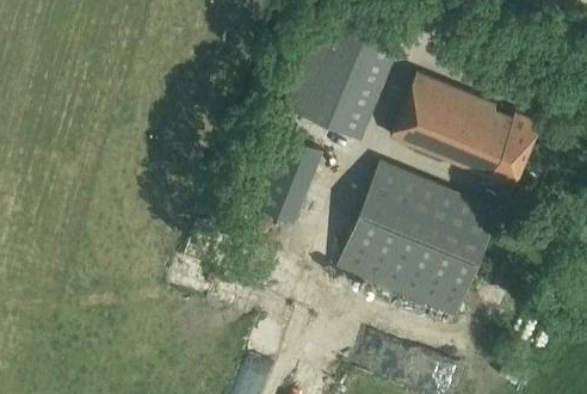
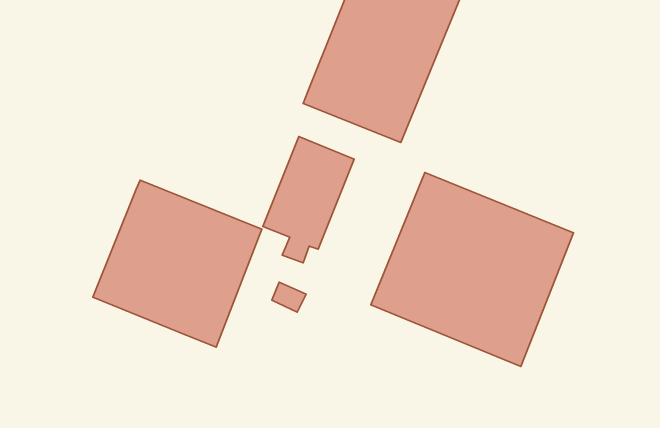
building: [391,74,539,189] -> none
building: none -> [93,180,262,347]

